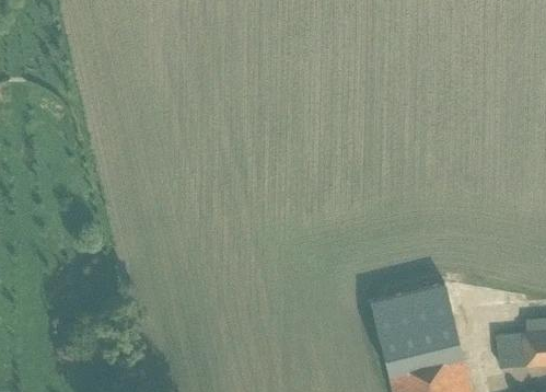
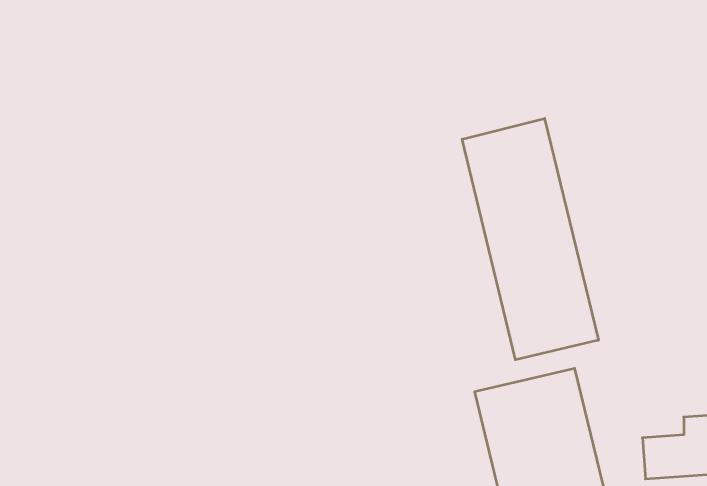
building: none -> [462,118,598,360]

